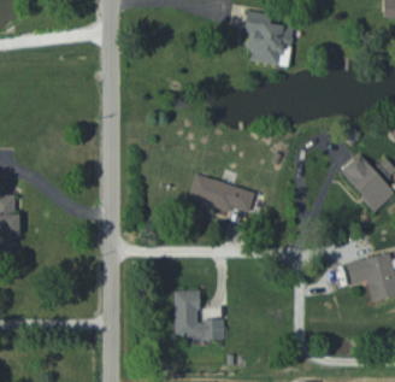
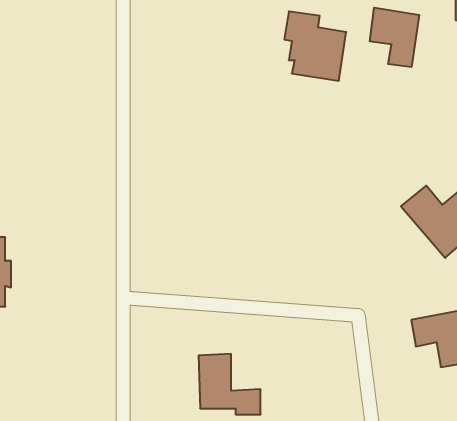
building: none -> [370,8,419,67]
building: [189,175,255,216] -> none

